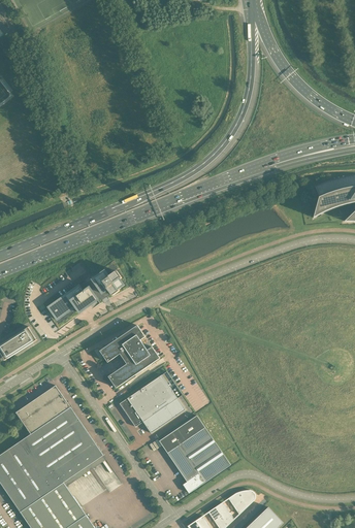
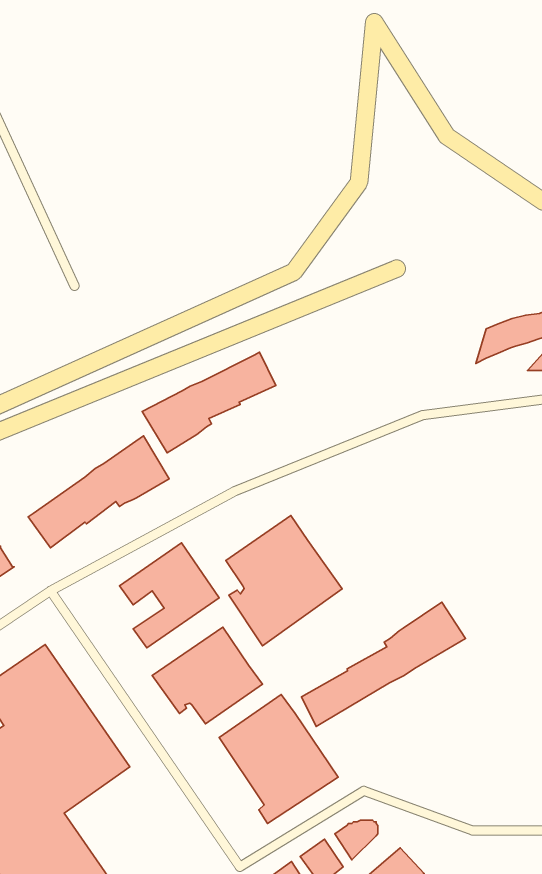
building: none -> [142,352,276,453]
building: none -> [226,515,342,646]
building: none -> [301,602,466,726]

